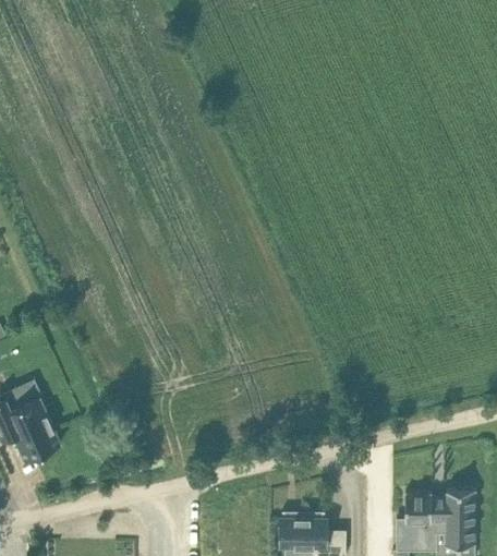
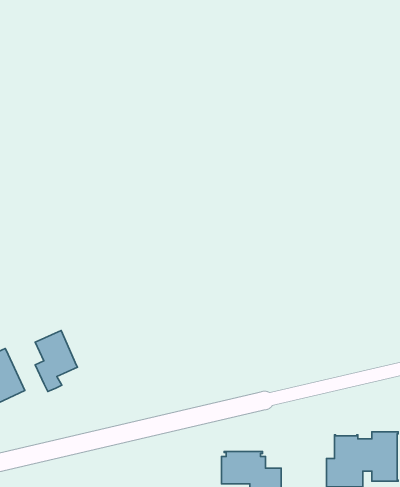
building: none -> [35,331,77,392]

